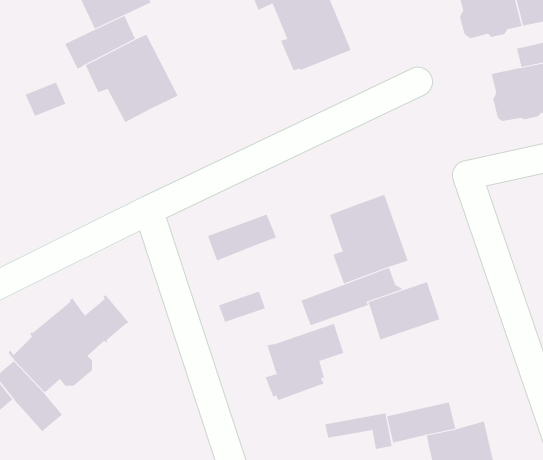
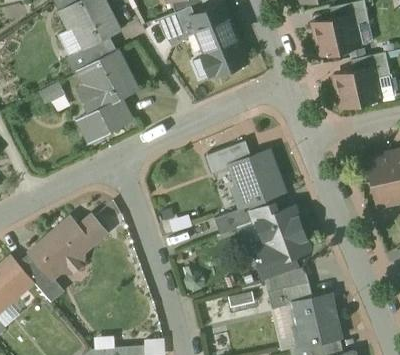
building: none -> [84,98,128,132]
building: [207,214,277,261] -> [206,143,250,173]
building: [265,323,344,401] -> [258,231,308,280]

